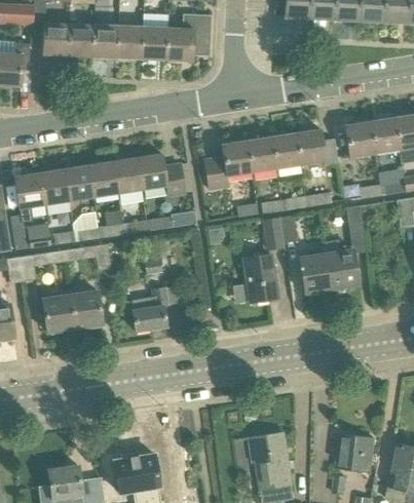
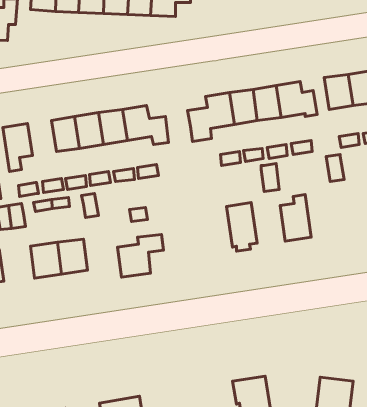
building: [39,169,69,205] -> none
building: [262,216,284,249] -> none
building: [324,238,360,289] -> none

